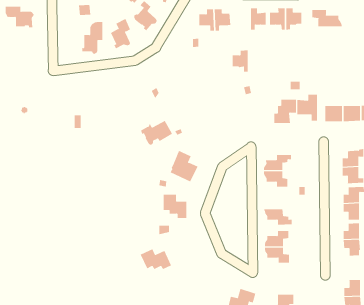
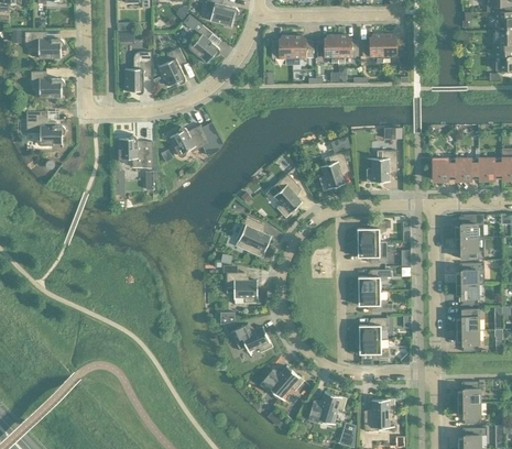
building: [312,9,342,27] -> none
building: none -> [31,72,65,99]
building: [232,50,248,72] -> [317,34,338,63]
building: none -> [26,111,66,144]
building: none -> [117,134,153,167]
building: [297,94,318,121] -> none
building: none -> [320,151,349,189]
building: none -> [265,173,303,217]
building: [140,120,173,145] -> [168,124,210,156]
building: none -> [355,269,392,291]
building: [140,248,172,270] -> [231,324,272,351]
building: none -> [260,365,303,399]

